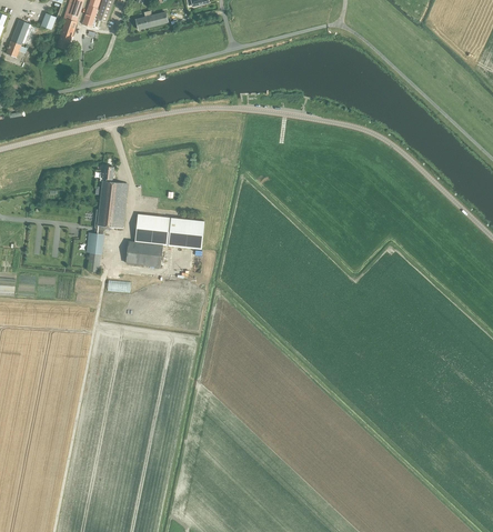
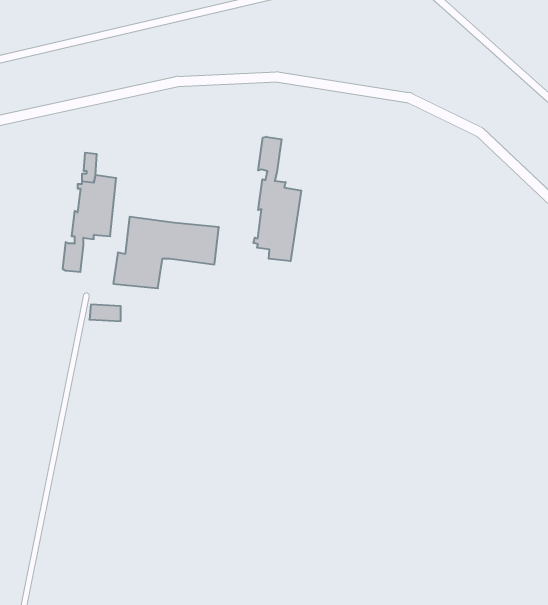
building: none -> [253,137,301,261]

